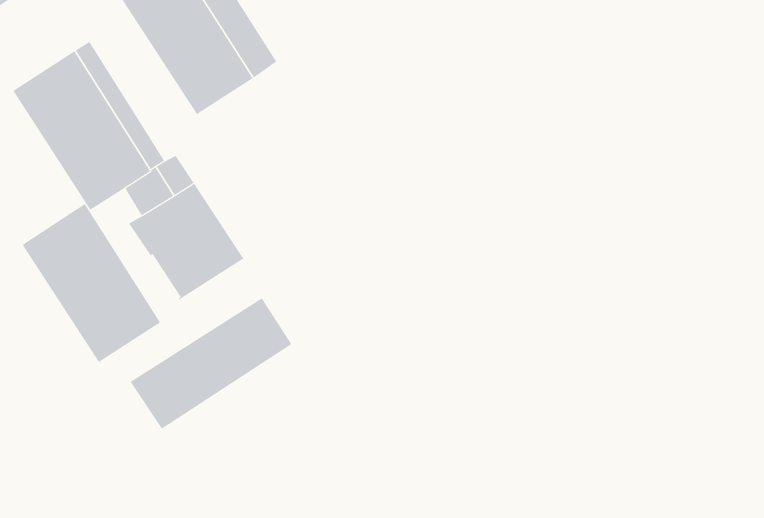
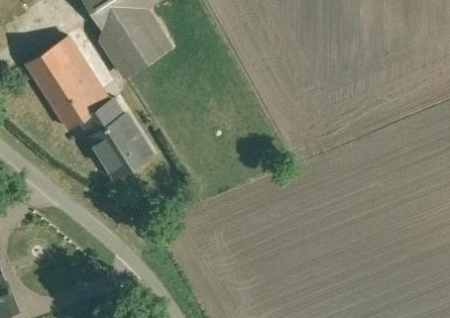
building: [22,203,161,363] -> none
building: [130,297,292,429] -> none

